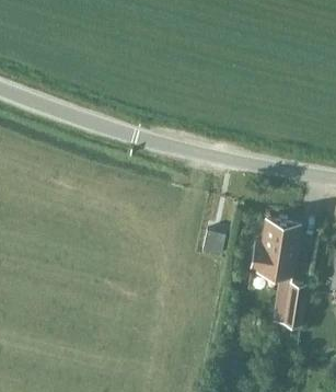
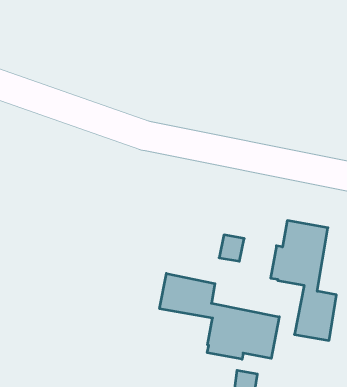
building: none -> [160,273,279,359]

